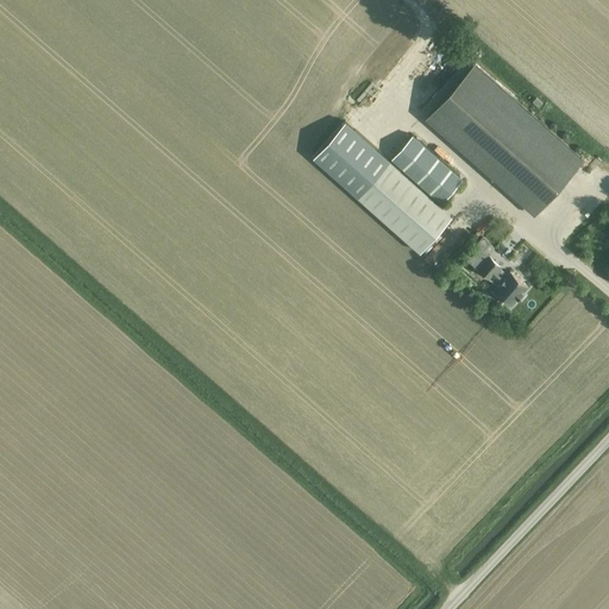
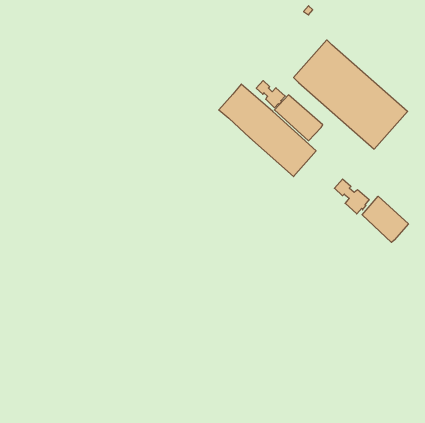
building: none -> [256,81,285,108]
building: none -> [362,196,408,242]

